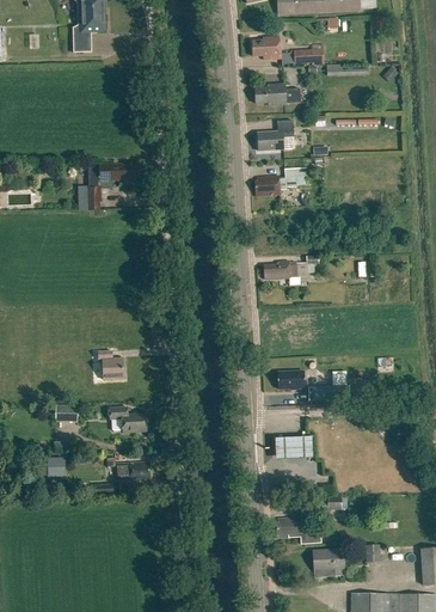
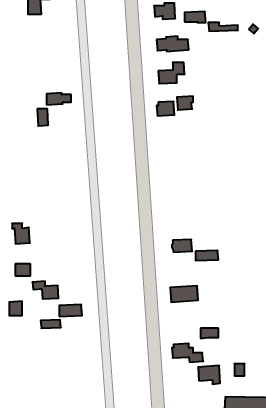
building: [264,255,318,284] -> none
building: [98,350,123,379] -> [12,223,30,244]
building: [109,406,146,432] -> [32,281,59,299]

